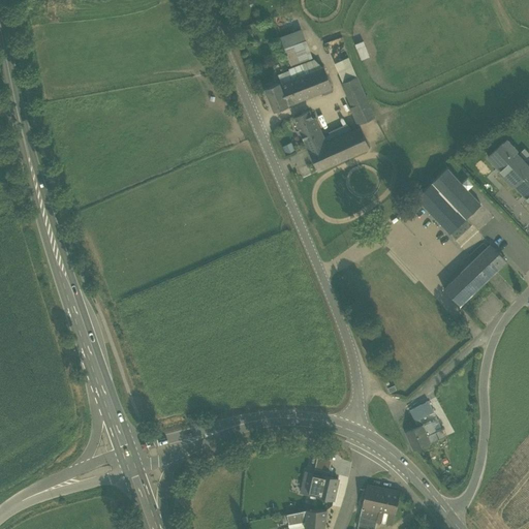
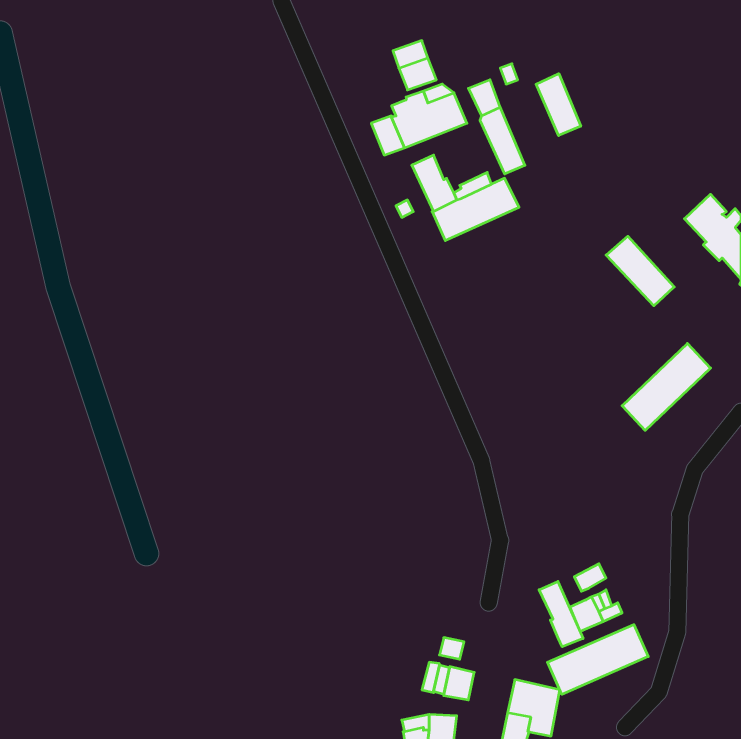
building: none -> [536,74,581,136]
building: [416,183,466,235] -> none
building: none -> [539,581,583,647]
building: none -> [547,625,648,694]

